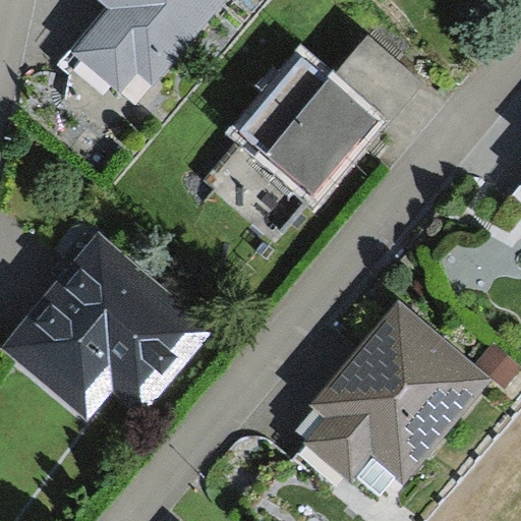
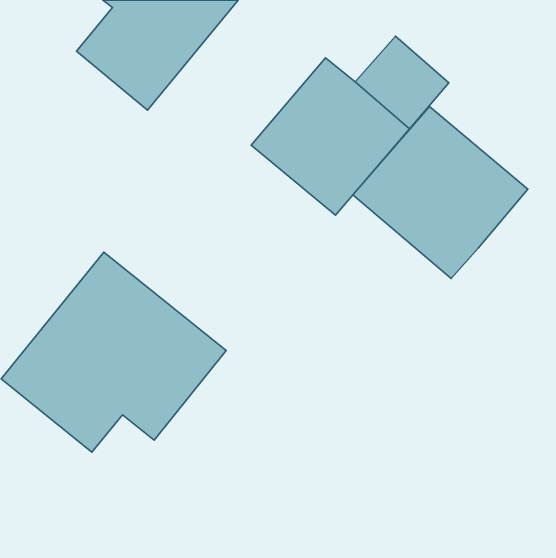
building: none -> [353,107,528,279]
building: [304,301,487,479] -> none

